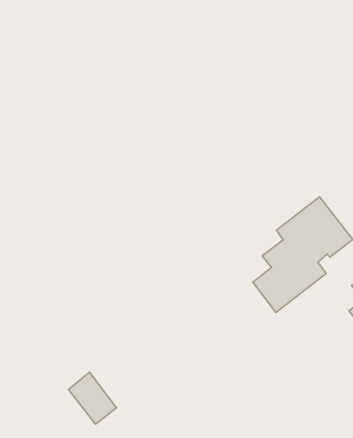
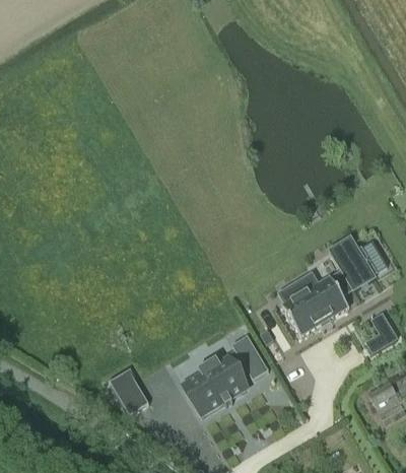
building: none -> [184,335,269,414]

